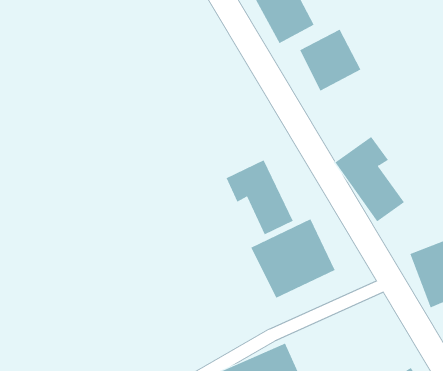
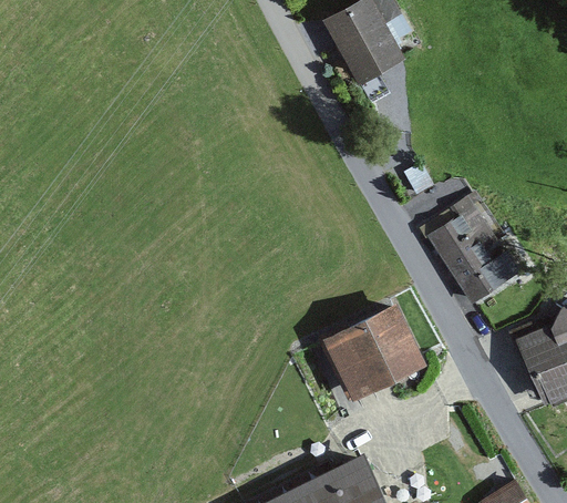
building: [299,29,361,92] -> none
building: [226,159,293,235] -> none

